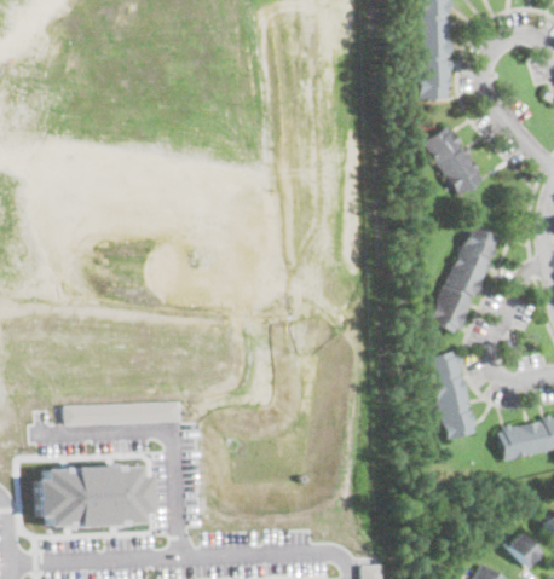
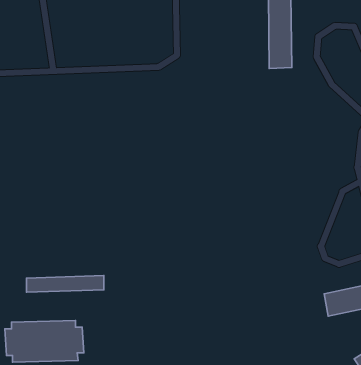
building: [426,126,485,197] -> none
building: [432,225,500,335] -> none
building: [429,352,475,440] -> none

